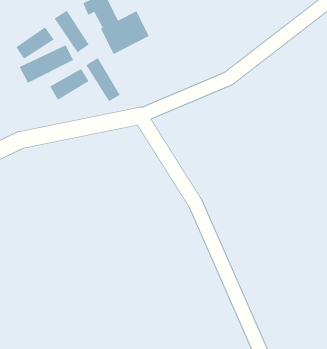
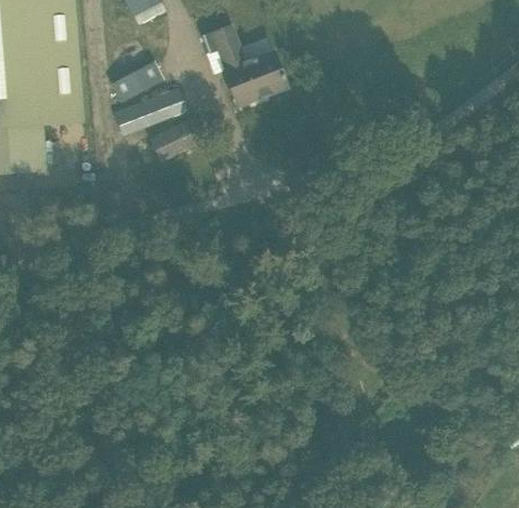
building: [54,10,90,53] -> none
building: [86,57,121,102] -> none

